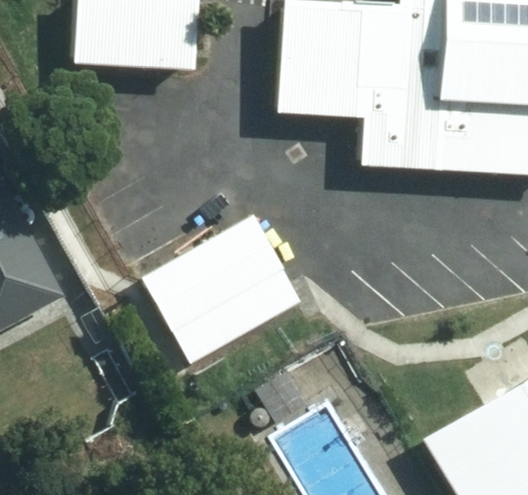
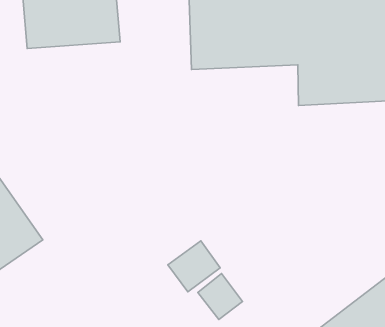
building: [142,213,301,363] -> none

